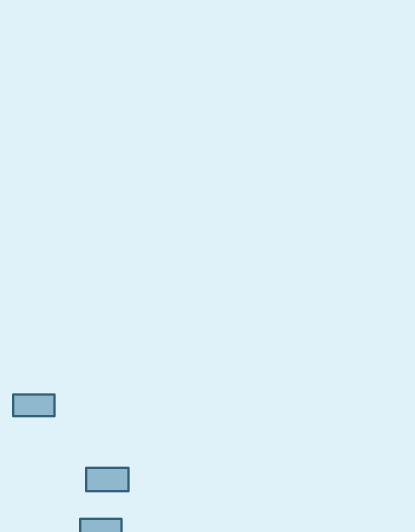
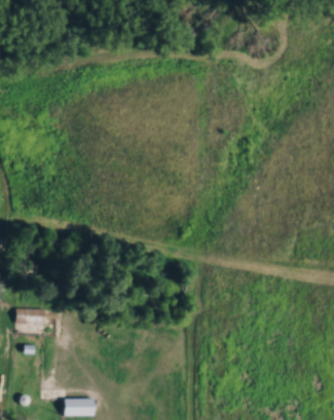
building: [86,468,129,491] -> none

